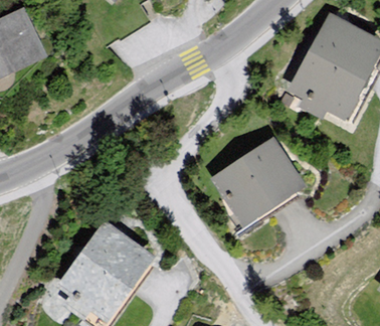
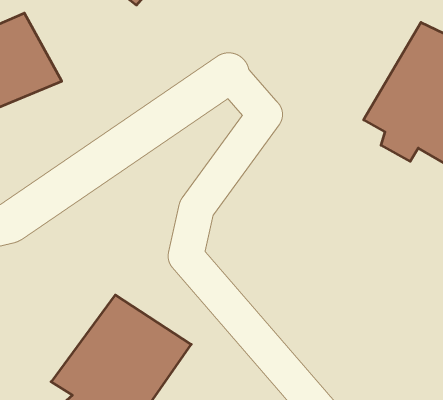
building: [208,143,309,230] -> none

